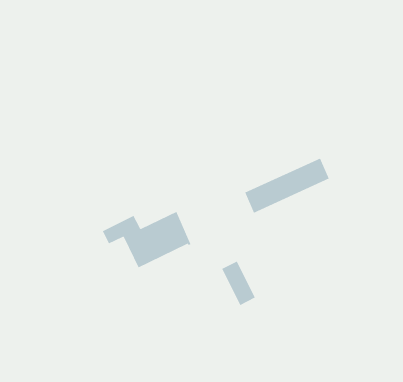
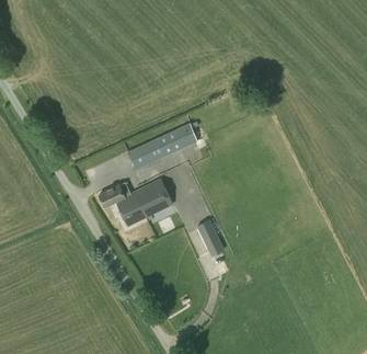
building: [244,157,330,214] -> [127,123,197,169]

